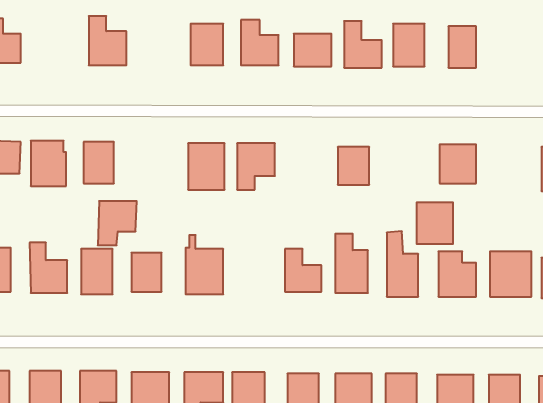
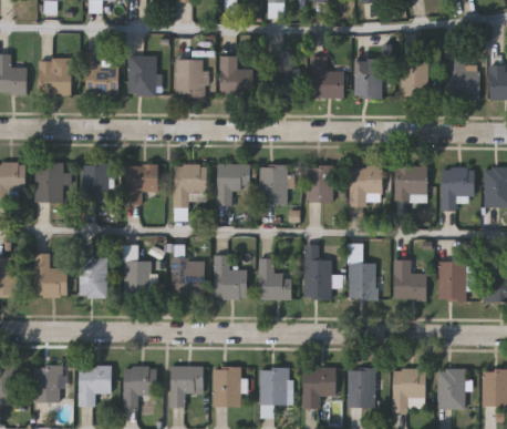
building: none -> [128,55,157,95]
building: none -> [446,58,479,98]
building: none -> [39,59,71,95]
building: none -> [259,165,288,204]
building: none -> [442,167,475,208]
building: [98,201,137,245] -> [125,165,159,204]
building: [417,202,453,244] -> [350,166,382,203]
building: none -> [215,255,248,296]

